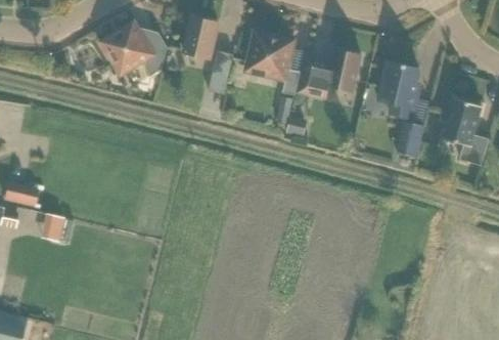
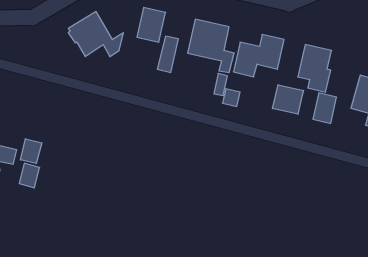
building: none -> [273,85,303,114]
building: none -> [20,139,42,164]

